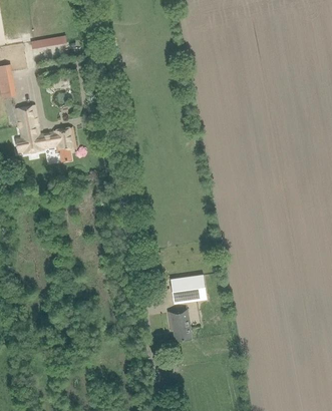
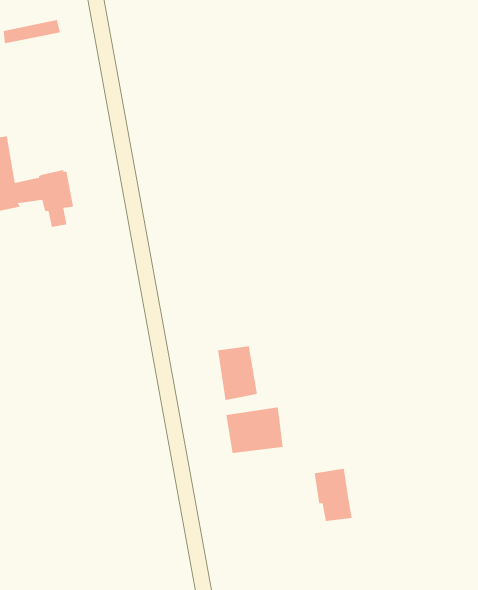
building: none -> [218,345,258,401]
building: [168,310,192,343] -> [314,468,352,521]

